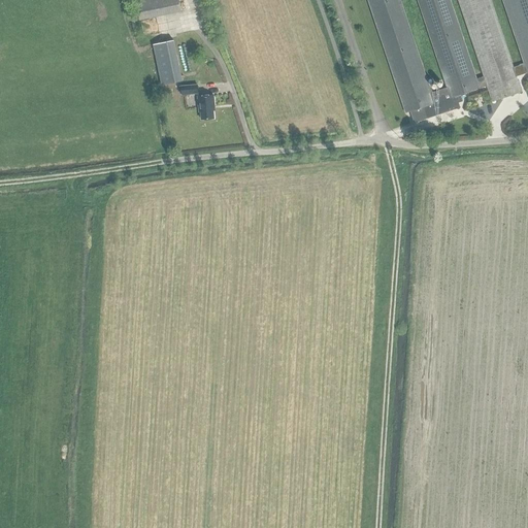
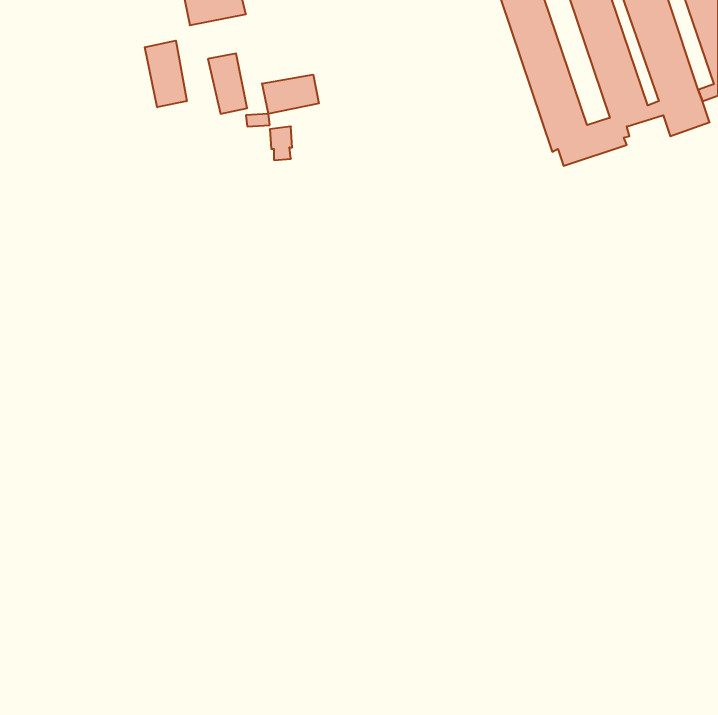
building: none -> [145,41,187,107]
building: none -> [262,75,319,114]

